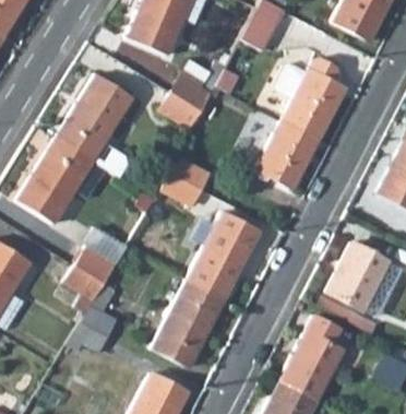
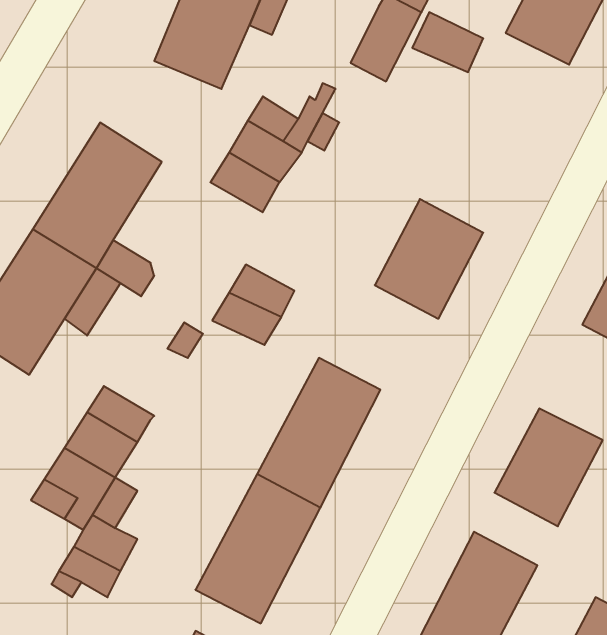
building: [275,59,345,140] -> none

